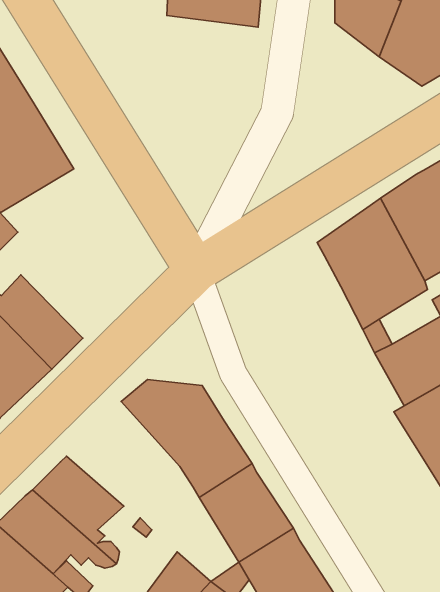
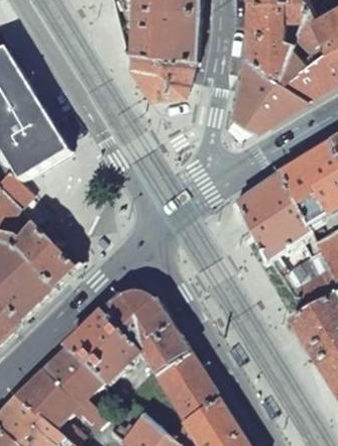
building: none -> [122,45,196,94]
building: none -> [234,51,308,127]
building: none -> [65,311,142,386]

